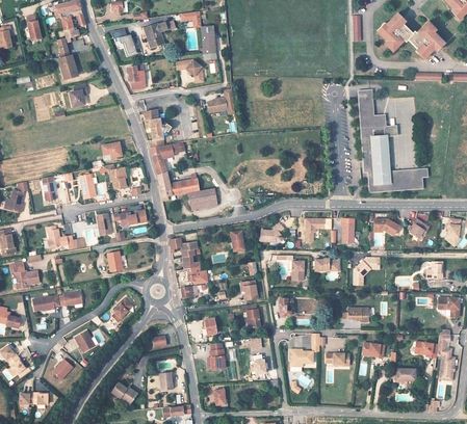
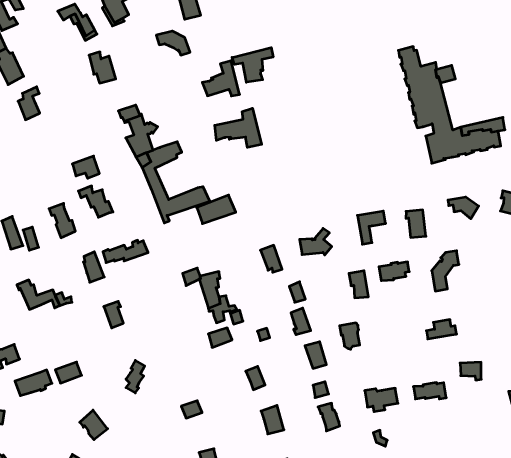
building: none -> [232,48,273,82]
building: none -> [215,108,262,147]

